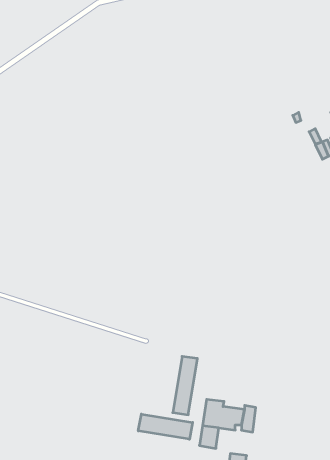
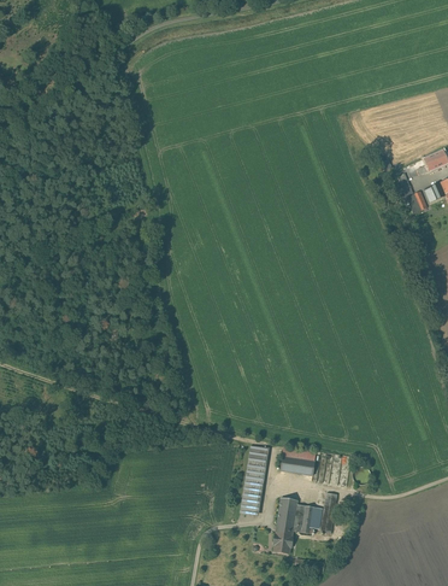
building: none -> [281,447,317,476]
building: [138,414,193,439] -> none

